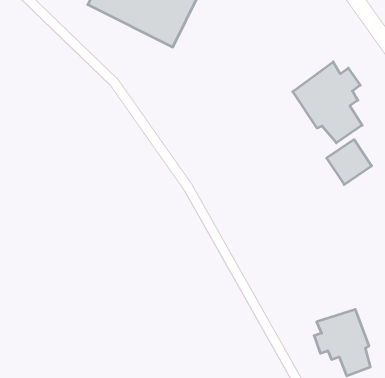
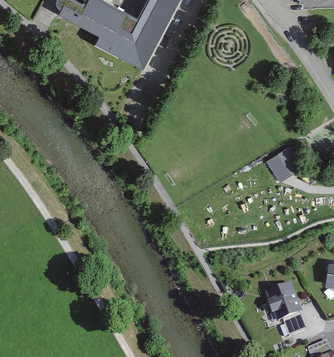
building: [293,62,362,143] -> none

